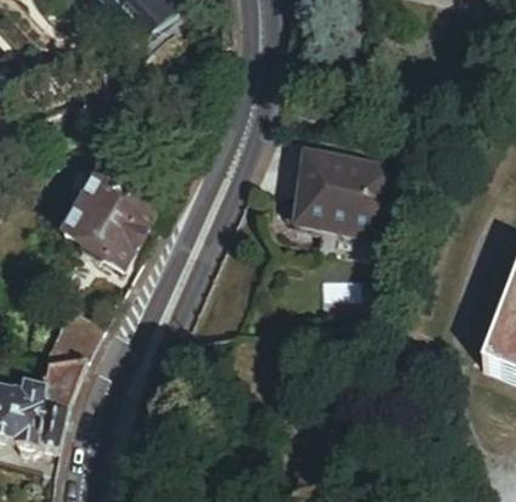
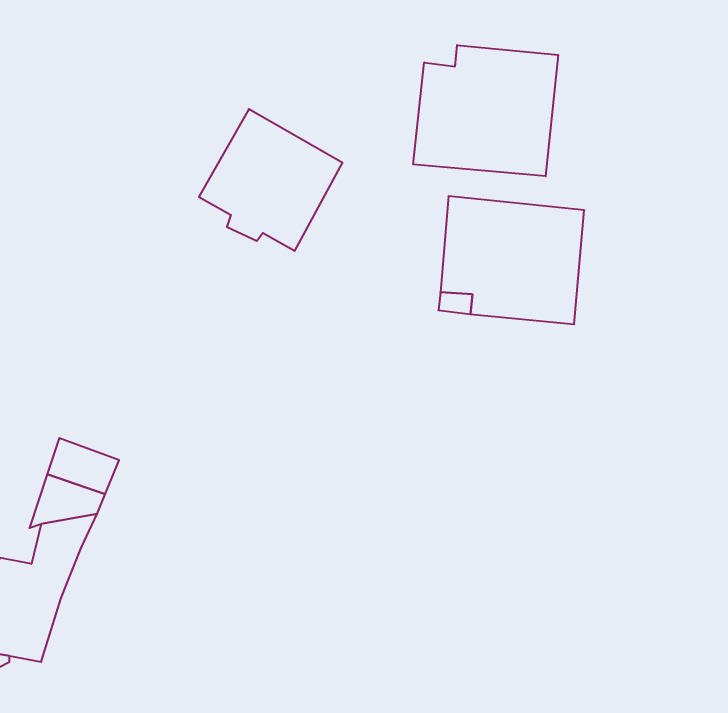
building: none -> [413,45,558,176]
building: [61,173,148,259] -> [199,109,343,251]

